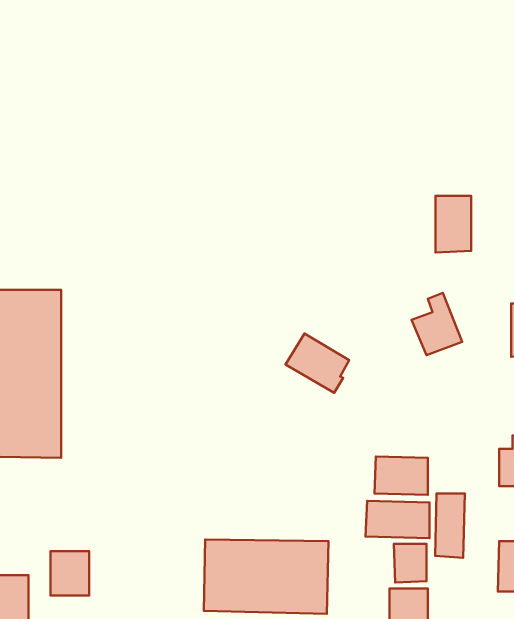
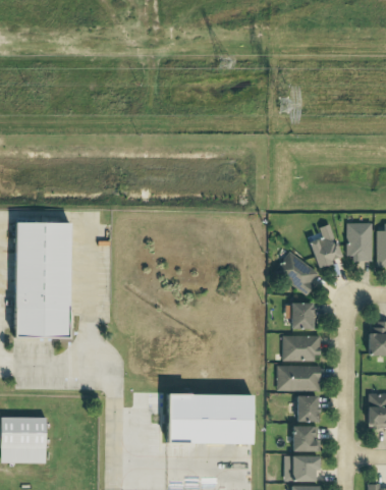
building: [435,196,471,252] -> [348,223,373,262]
building: [285,333,349,393] -> [276,253,320,293]
building: none -> [291,302,313,328]
building: [435,493,465,558] -> none
building: [50,551,89,596] -> none

